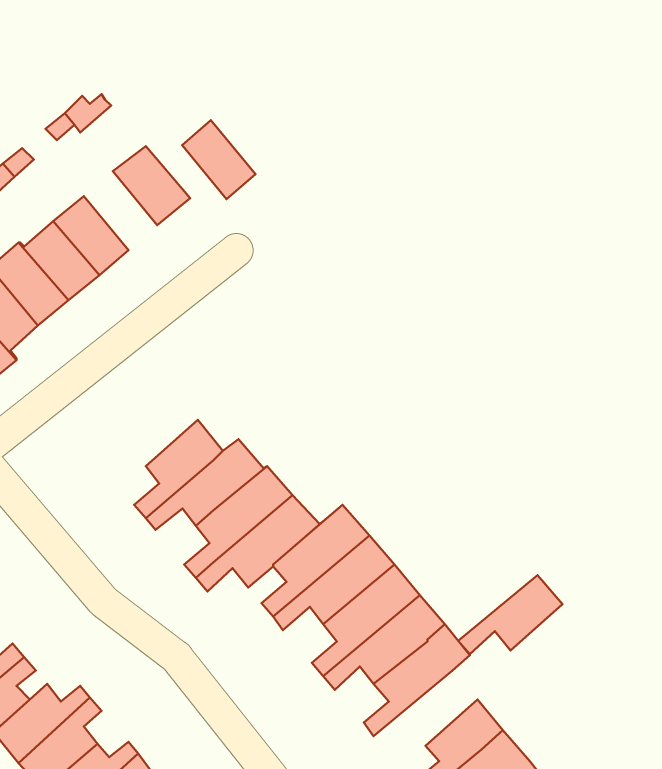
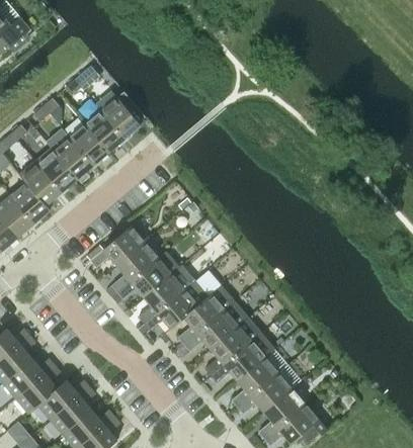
building: [182,120,255,199] -> [85,110,123,152]
building: none -> [90,225,145,267]
building: [458,575,563,654] -> [237,372,292,414]

